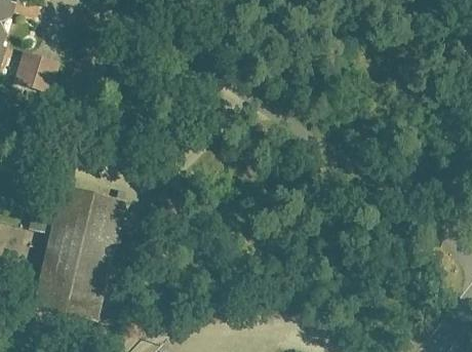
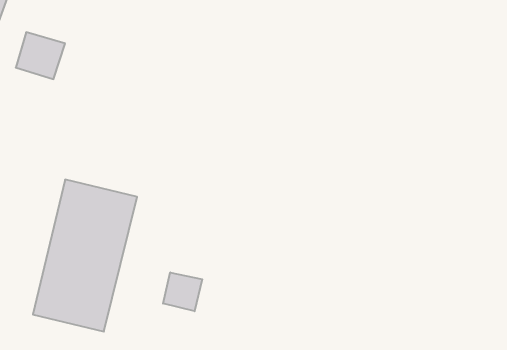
building: none -> [163,272,202,311]

